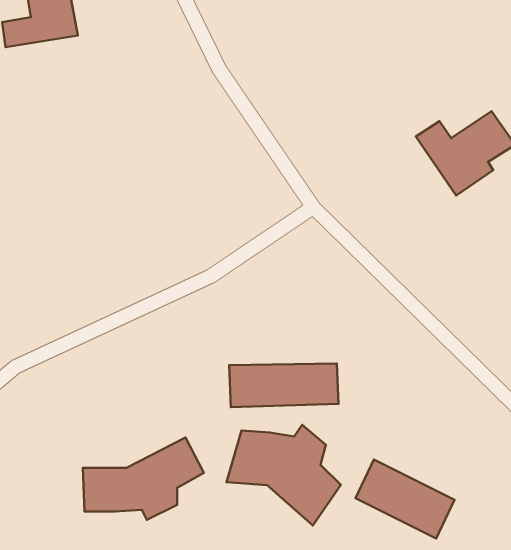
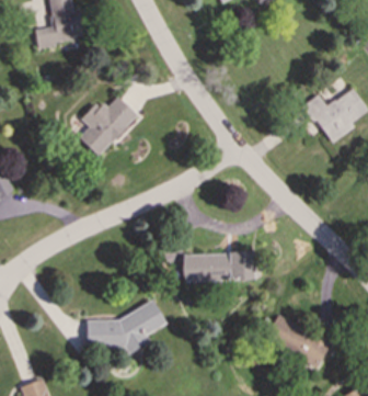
building: none -> [79,95,138,157]
building: [226,425,341,525] -> none

